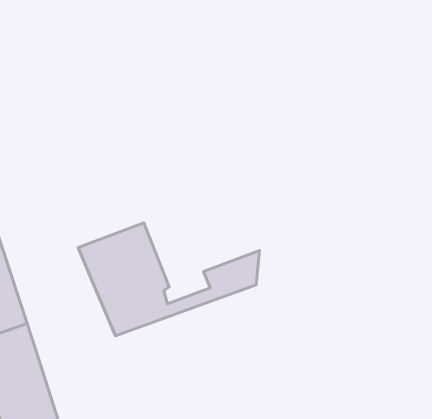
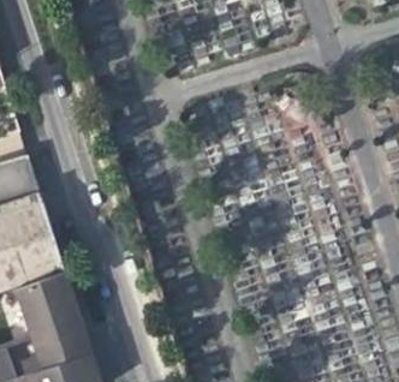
building: [78,223,259,336] -> none

